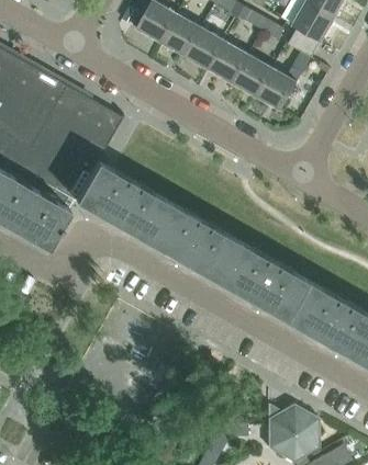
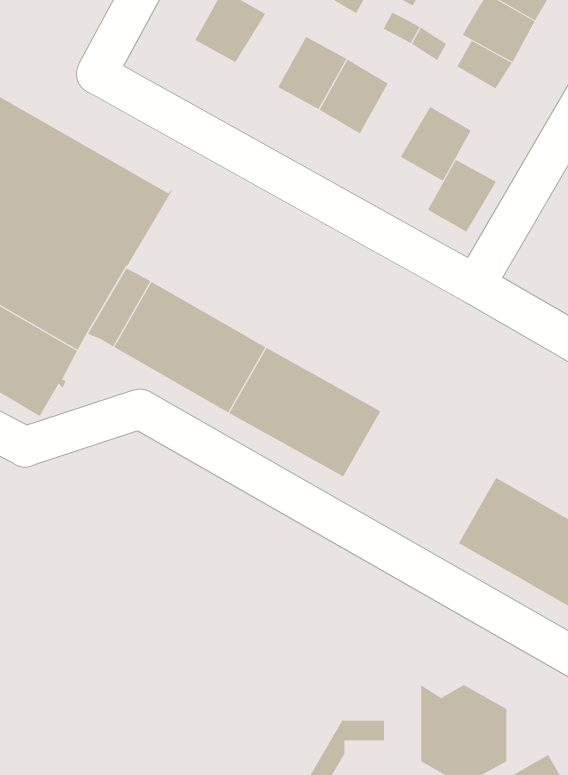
building: [159,13,200,56] -> none
building: [232,54,272,97] -> [427,159,497,233]
building: [222,245,311,321] -> none

